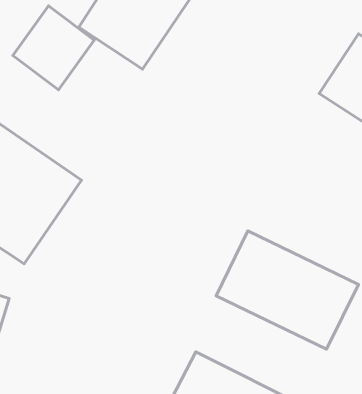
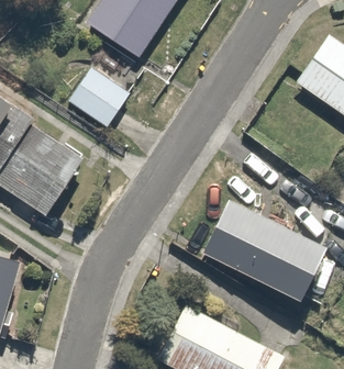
building: [13,6,94,90] -> [64,58,134,131]

